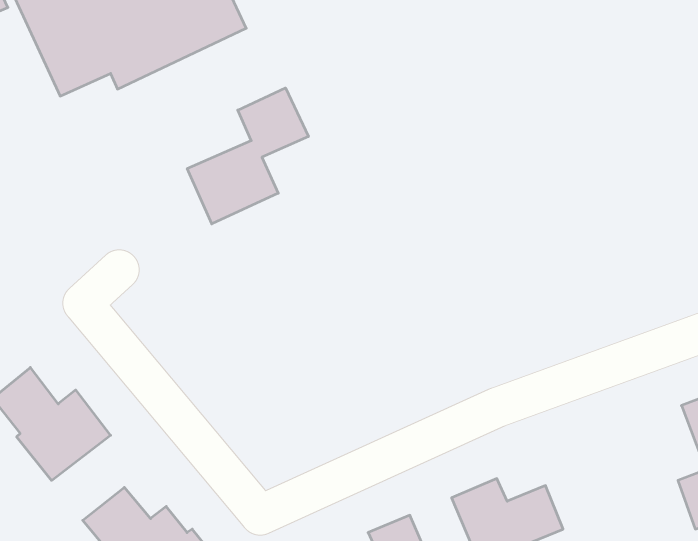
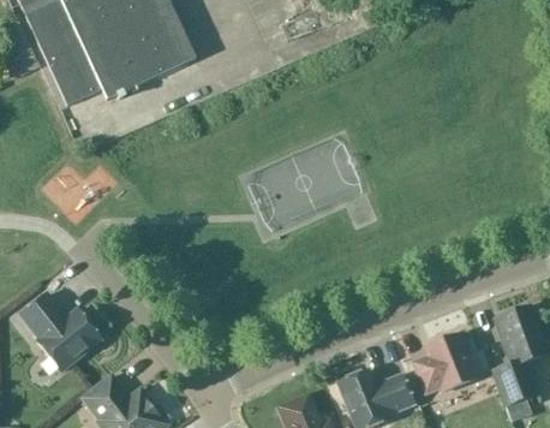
building: [187,88,308,224] -> none
building: none -> [413,331,477,394]

